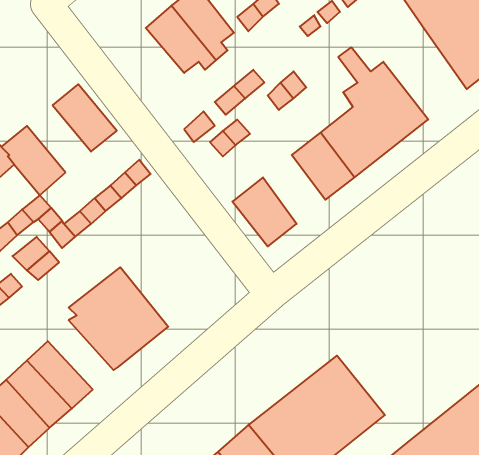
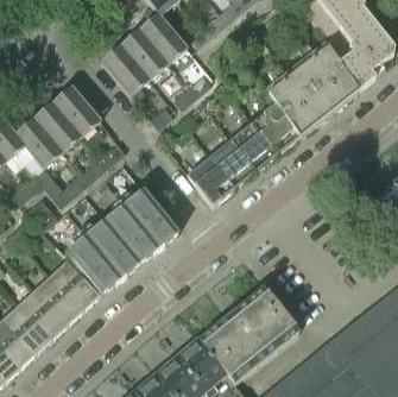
building: none -> [295,36,360,112]
building: none -> [102,44,151,100]
building: none -> [34,101,82,151]
building: none -> [209,138,255,189]
building: none -> [103,189,178,265]
building: none -> [50,260,99,311]

